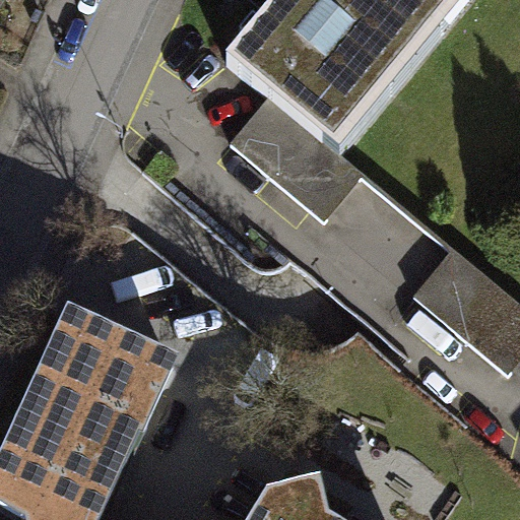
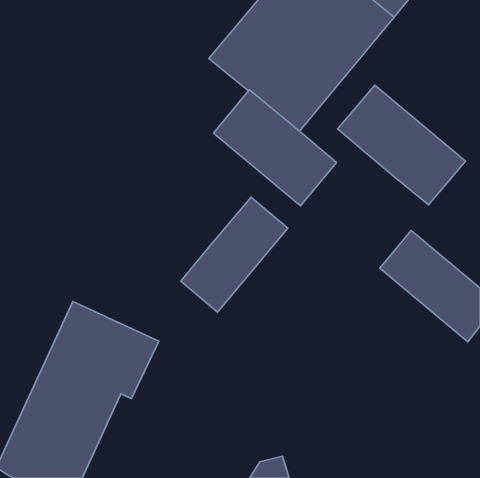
building: none -> [338,85,466,205]
building: none -> [181,197,288,312]

